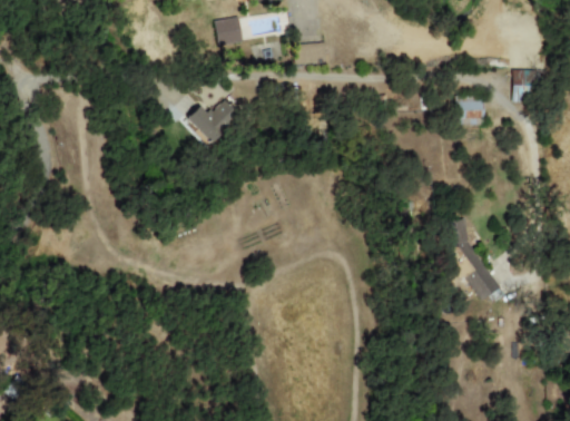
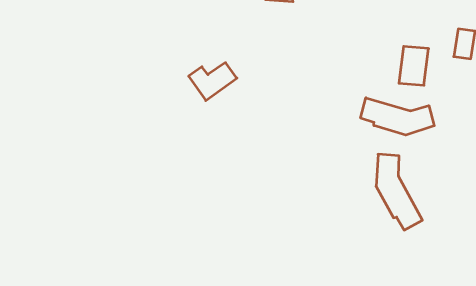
building: [188,98,242,143] -> [189,63,237,101]
building: none -> [361,98,434,135]

